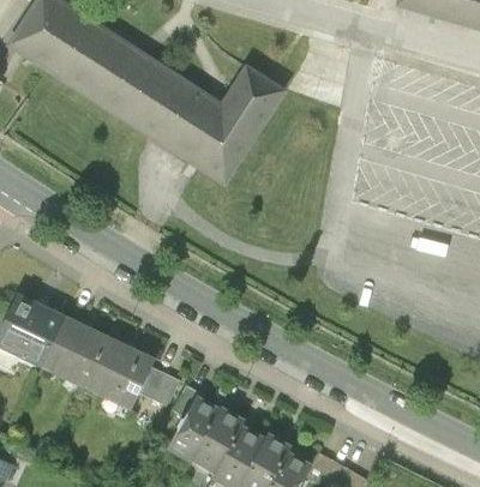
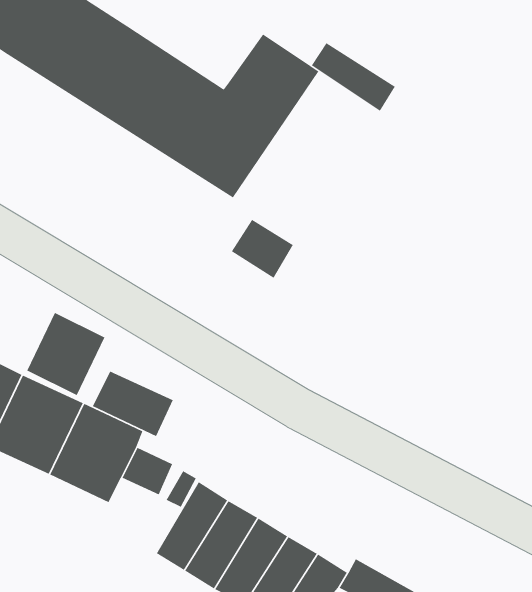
building: none -> [311,42,396,112]
building: none -> [231,219,294,279]
building: none -> [26,312,105,396]
building: none -> [92,370,174,437]

